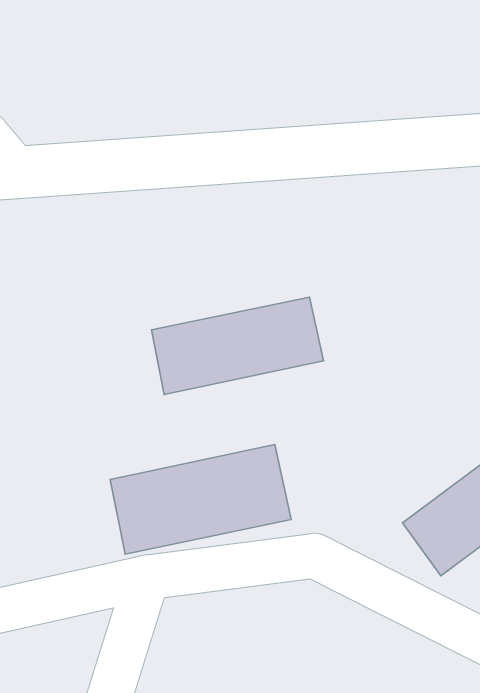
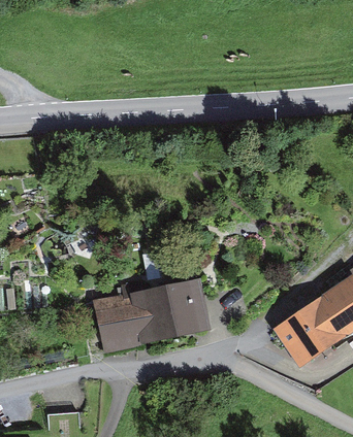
building: [152,297,324,394] -> none

